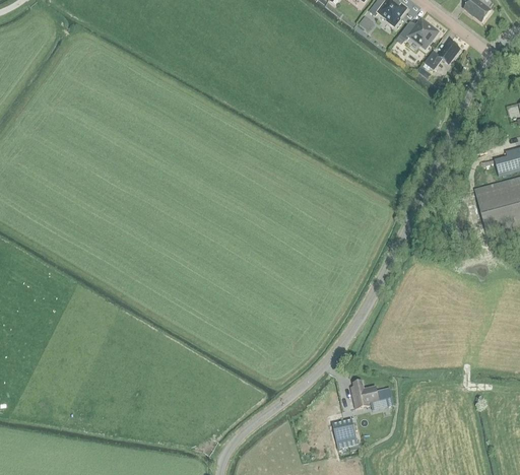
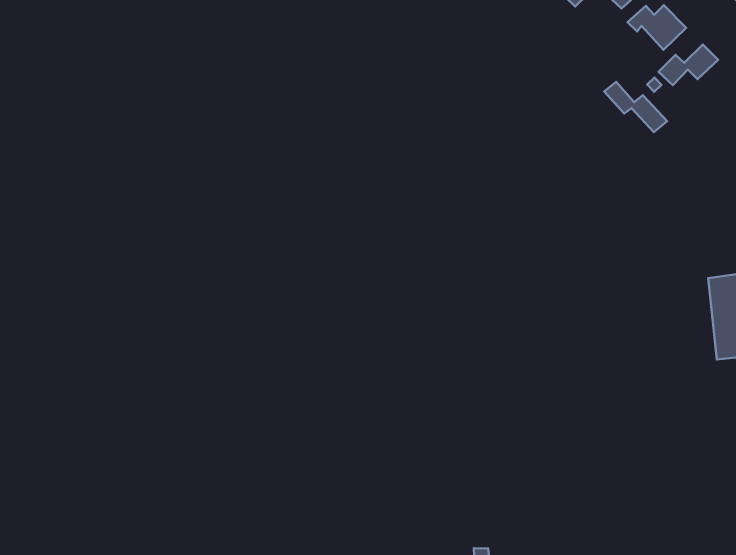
building: none -> [604,82,667,132]

